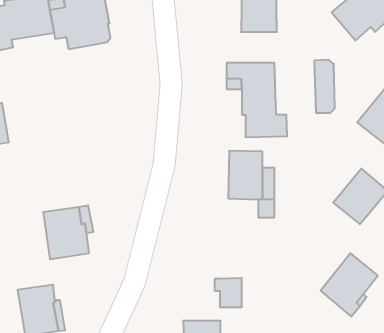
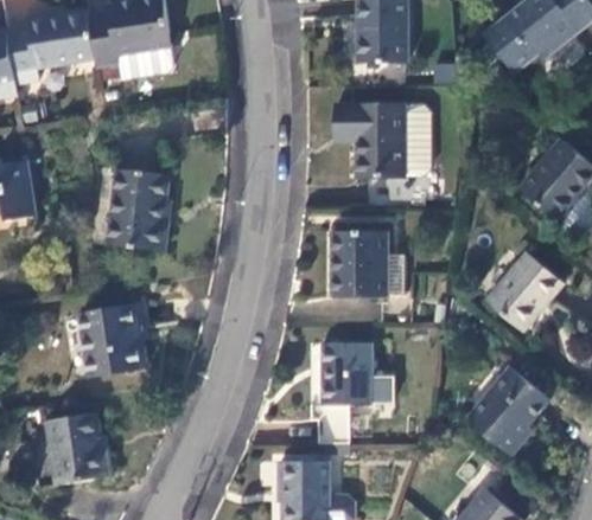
building: [314,60,335,113] -> [402,102,431,175]
building: none -> [108,166,168,246]
building: none -> [323,341,375,403]

